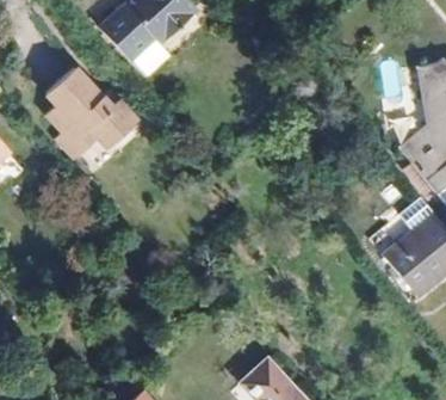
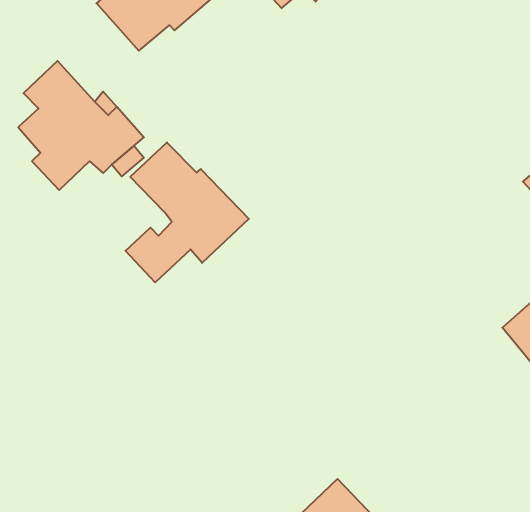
building: none -> [125,142,249,282]

